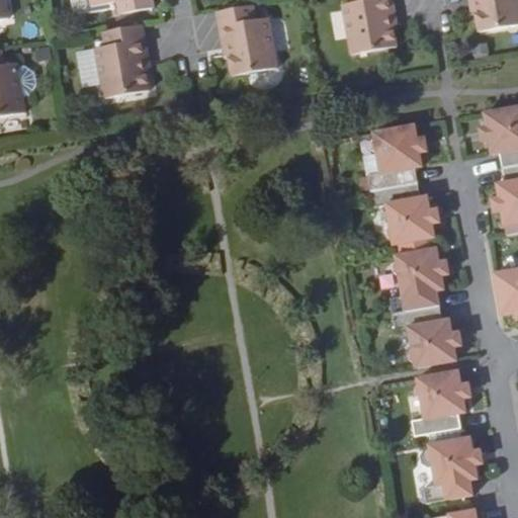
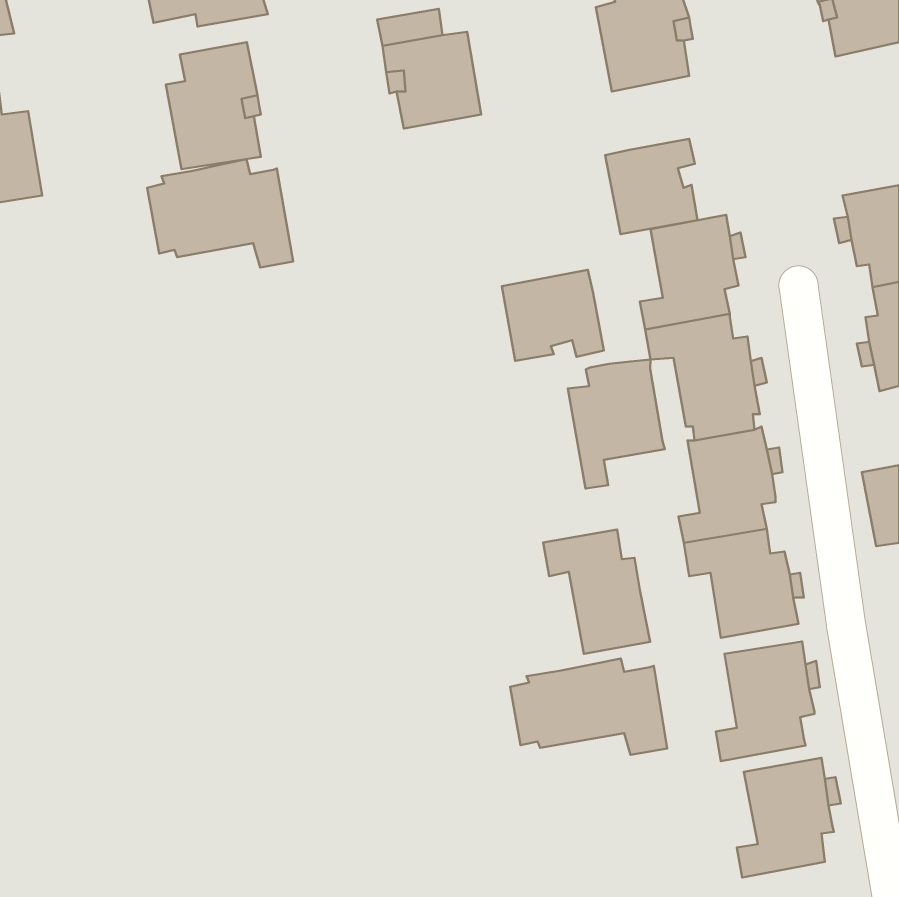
building: none -> [605,139,698,234]
building: none -> [147,159,293,267]
building: none -> [502,270,604,361]
building: none -> [568,360,665,488]
building: none -> [543,529,650,654]
building: none -> [510,658,667,755]

